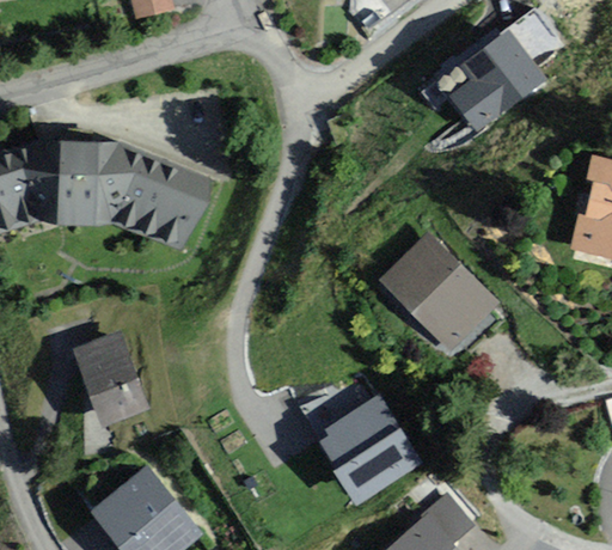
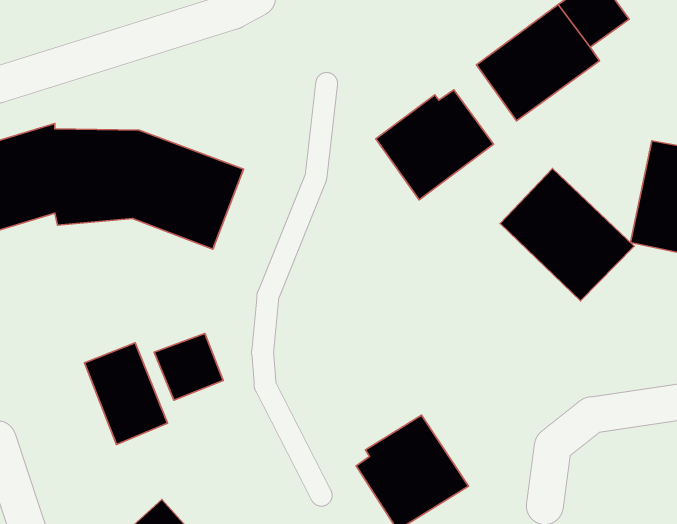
building: none -> [376,90,493,200]
building: [375,234,495,353] -> [500,169,634,301]
building: none -> [154,334,223,400]

